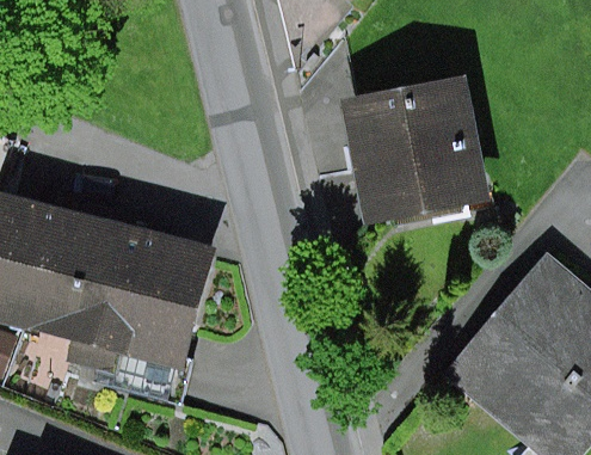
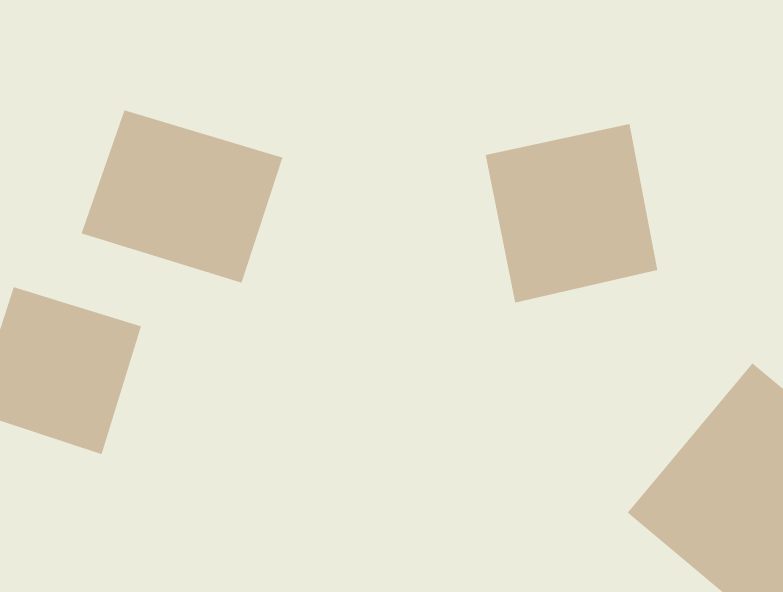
building: none -> [81,109,283,283]
building: [76,244,198,365] -> none

